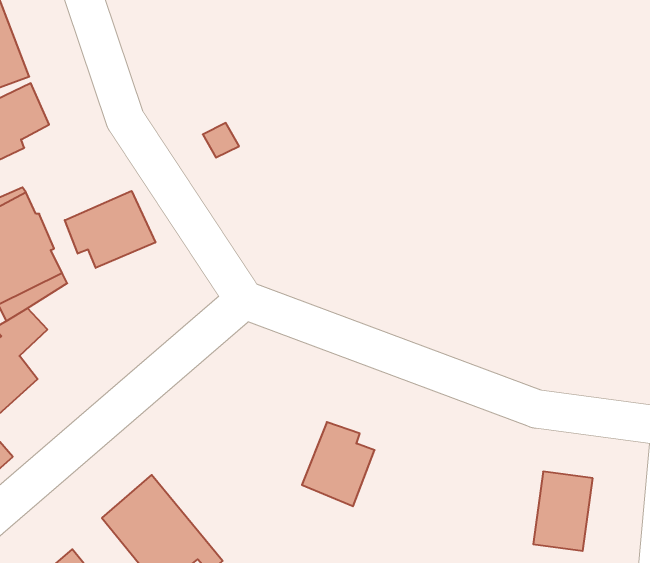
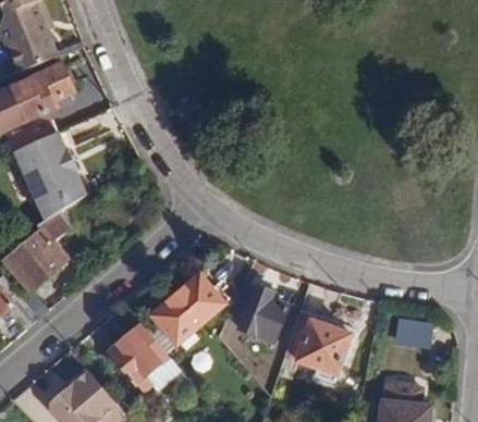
building: [65,191,155,268] -> none
building: none -> [151,272,224,343]
building: none -> [283,314,348,372]

